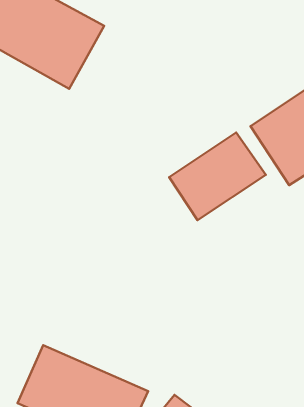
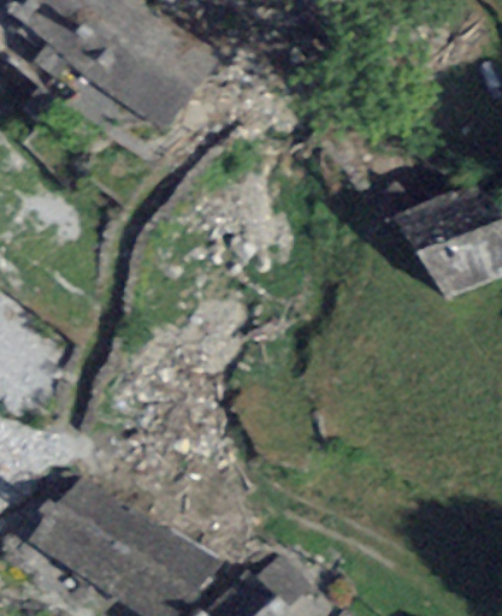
building: [169,132,266,220] -> none

